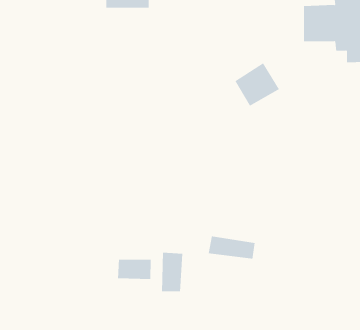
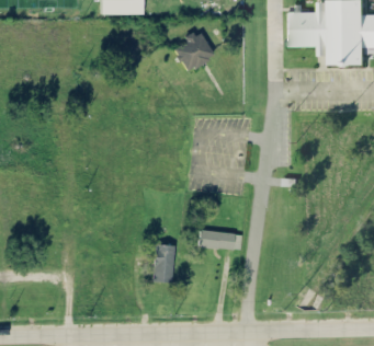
building: [235,62,280,107] -> [172,31,215,72]
building: [118,259,151,280] -> none

